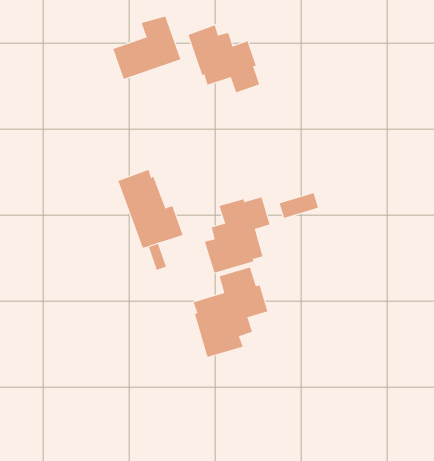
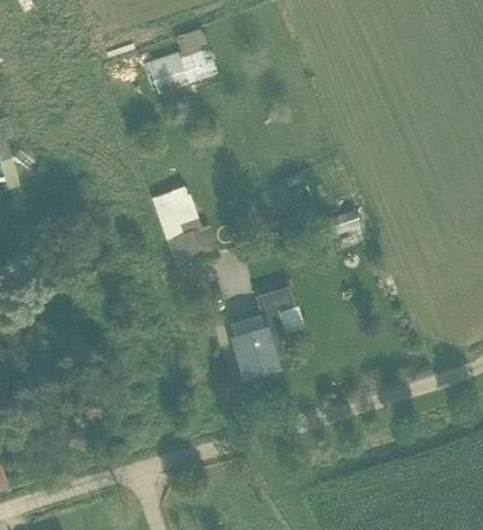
building: [188,25,260,93] -> none
building: [204,197,270,274] -> none

